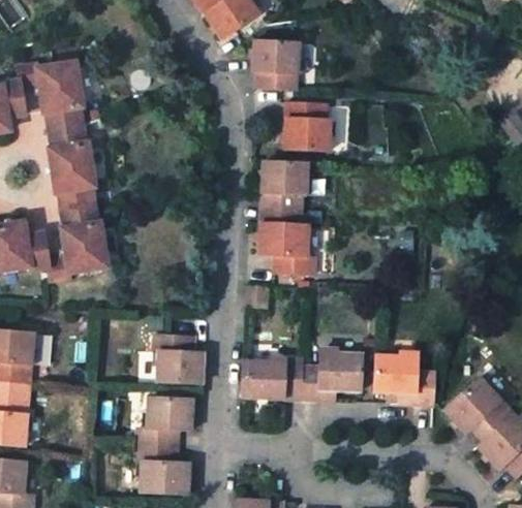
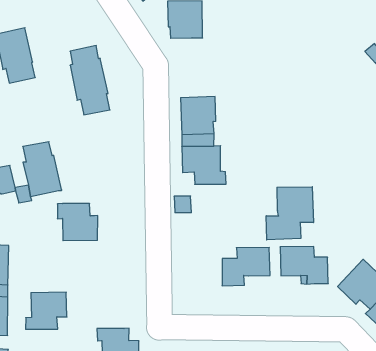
building: [284,101,329,150] -> none
building: [47,125,93,211] -> [70,46,110,115]
building: none -> [266,187,313,240]
building: [154,336,205,384] -> [57,204,98,241]
building: [242,358,302,400] -> none
building: [140,399,193,446] -> [26,292,67,329]

